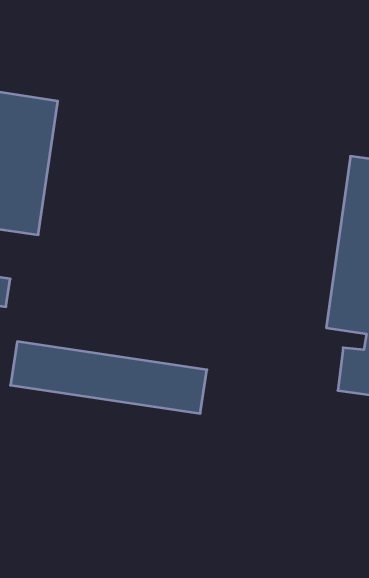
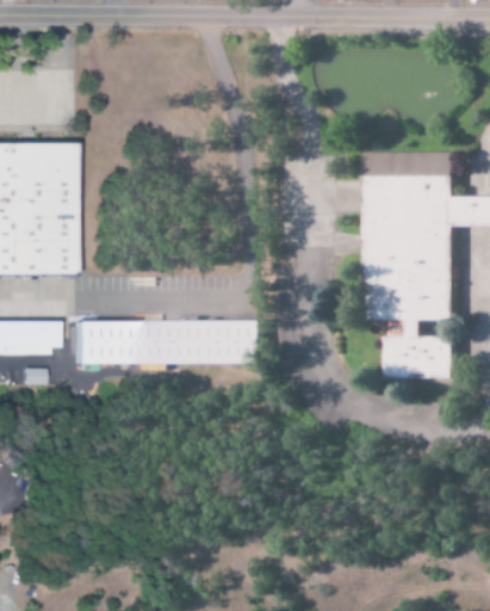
building: [10,342,207,413] -> [77,321,263,365]

